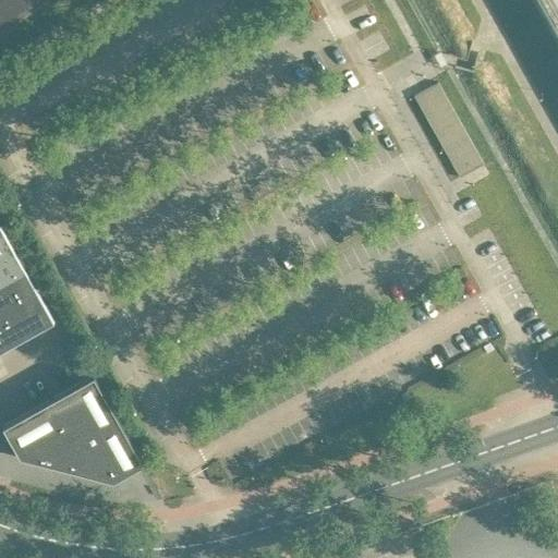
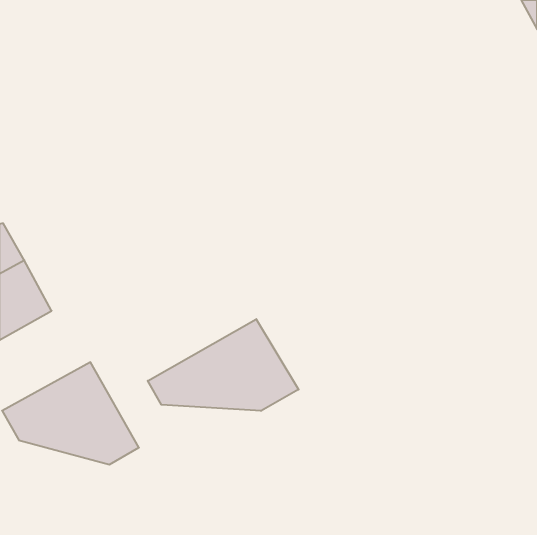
building: [413,85,483,180] -> none
building: none -> [148,319,299,411]

